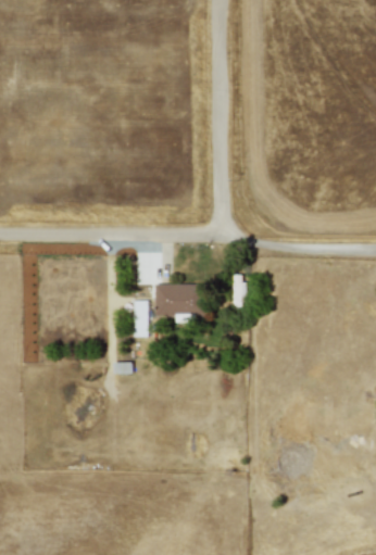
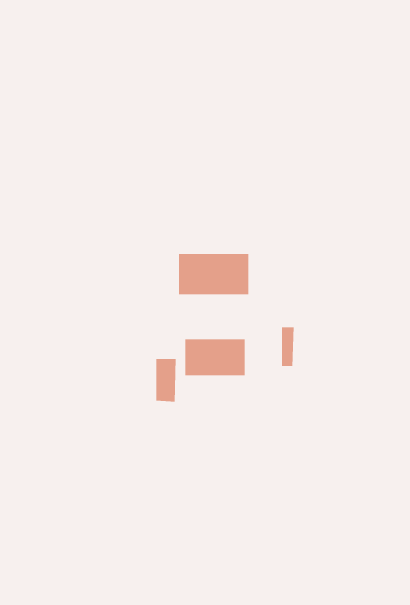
building: none -> [179,253,249,295]

